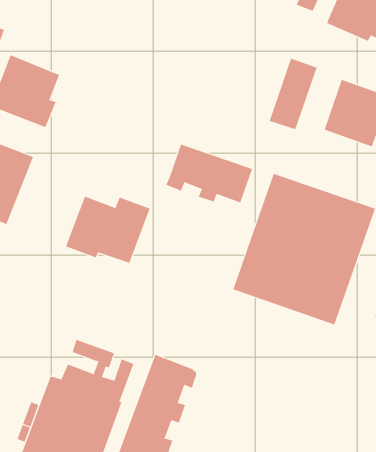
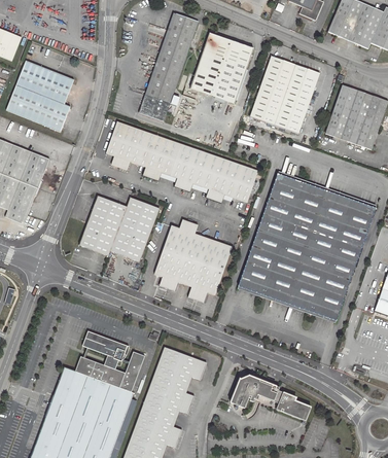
building: none -> [139,13,198,120]
building: none -> [189,33,253,103]
building: none -> [249,57,293,125]
building: none -> [106,121,188,181]
building: none -> [153,219,232,301]
building: none -> [231,375,312,420]

